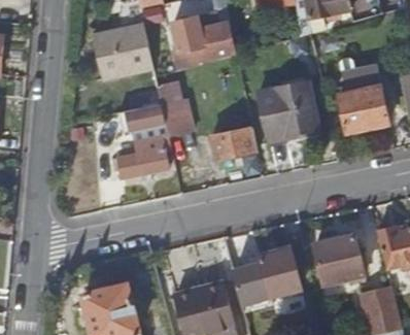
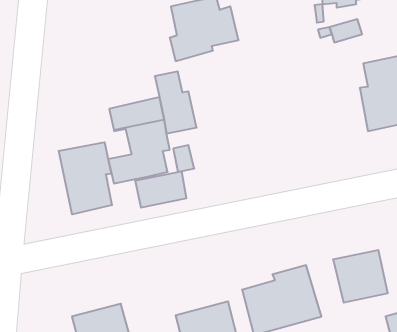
building: [95,23,153,77] -> none
building: [260,82,317,139] -> none
building: [211,127,257,159] -> [135,171,186,208]
building: none -> [59,142,112,214]

